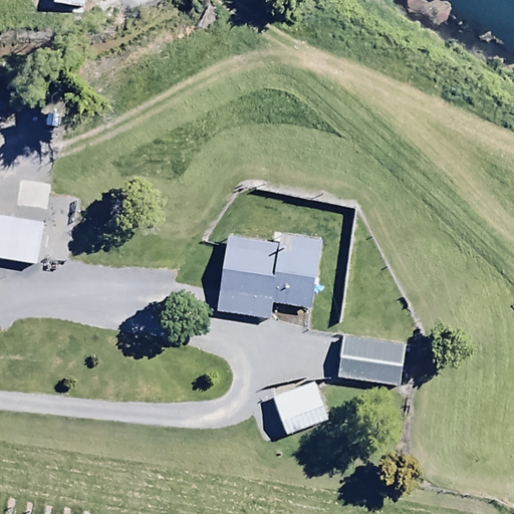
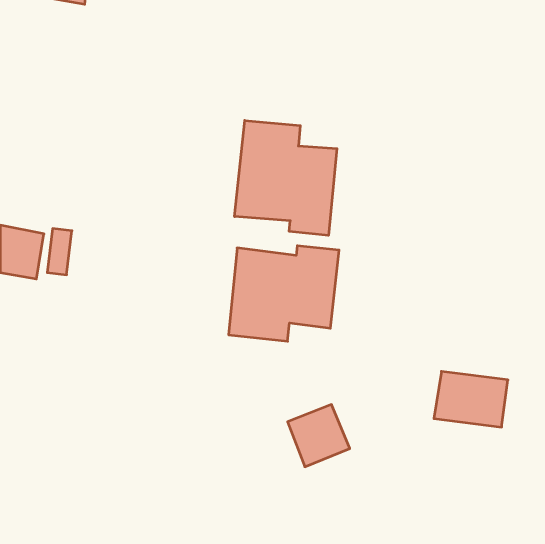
building: none -> [235,120,337,235]
building: [336,334,406,387] -> [434,371,508,427]

